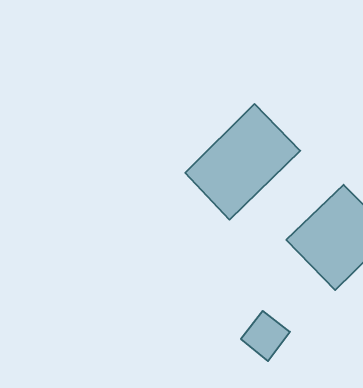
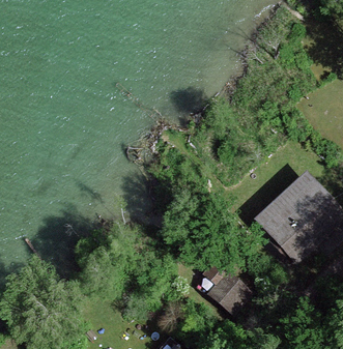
building: [185,104,300,220] -> none

